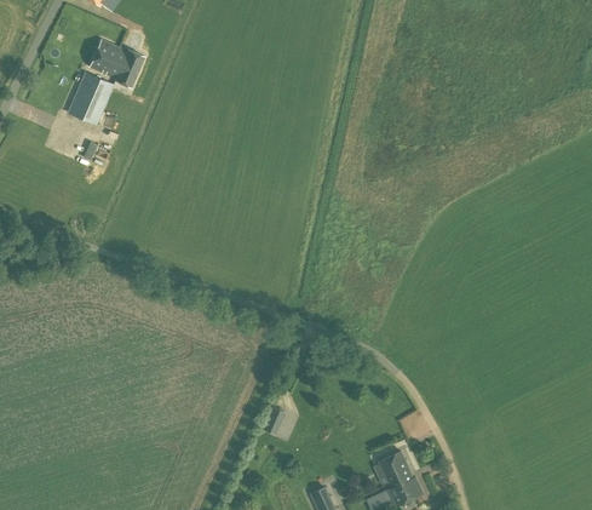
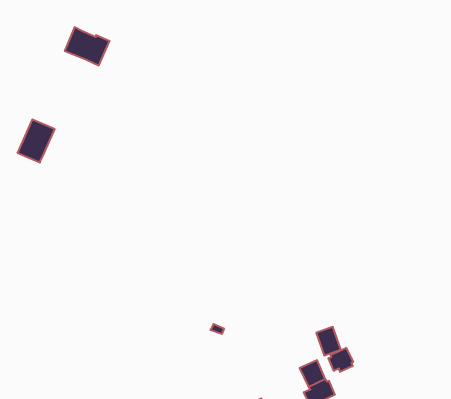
building: [68,71,114,125] -> [17,119,55,163]
building: none -> [328,348,353,372]

